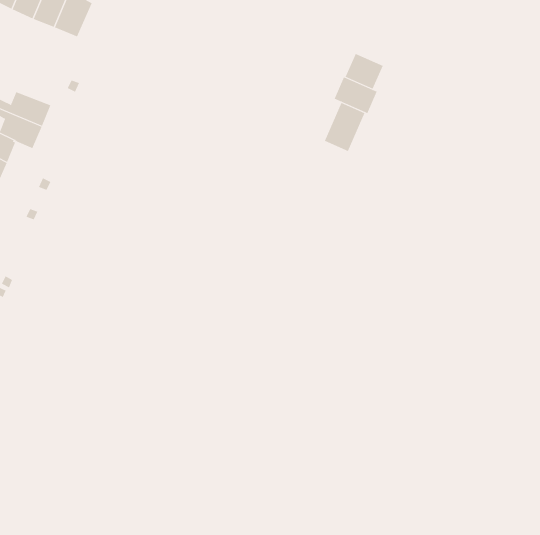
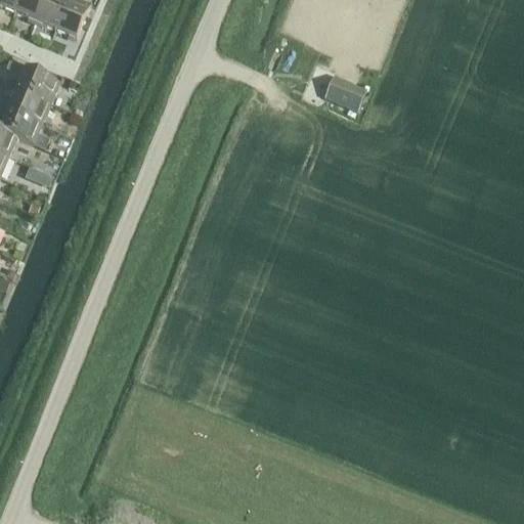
building: [345,53,384,90] -> none
building: none -> [5,59,58,101]
building: [324,102,365,152] -> none

